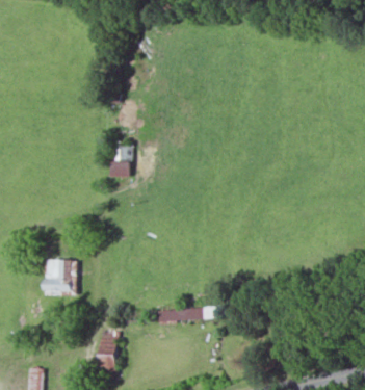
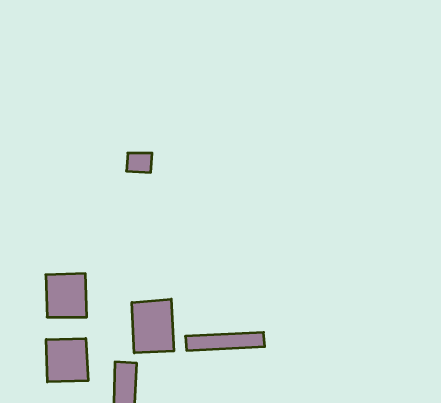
building: none -> [132,299,174,353]
building: none -> [46,338,88,382]

